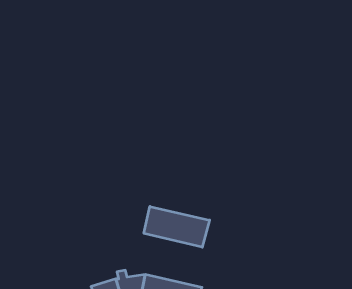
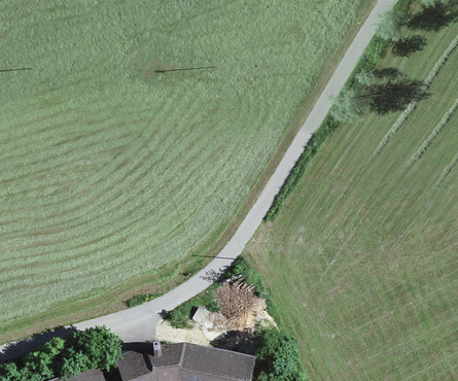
building: [144,206,210,247] -> none

